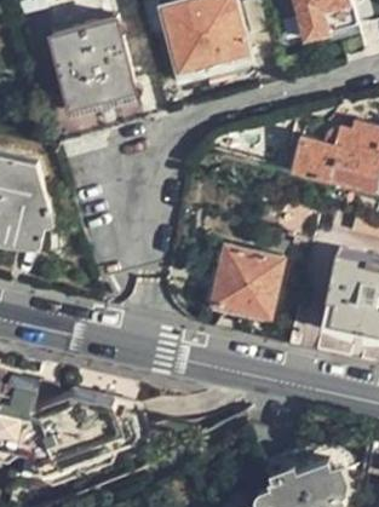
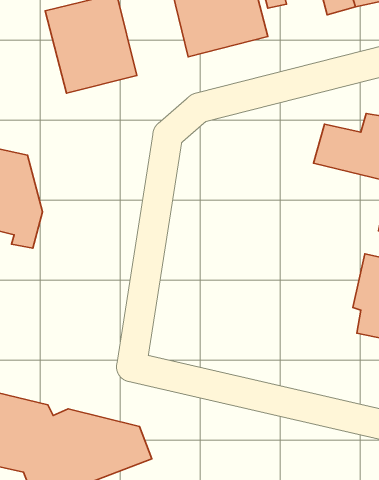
building: [211,247,280,319] -> none

